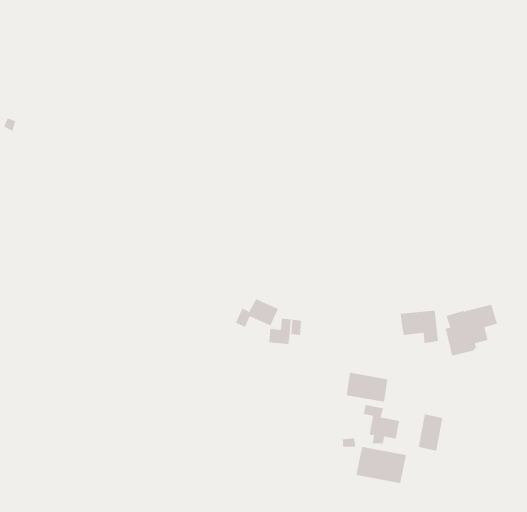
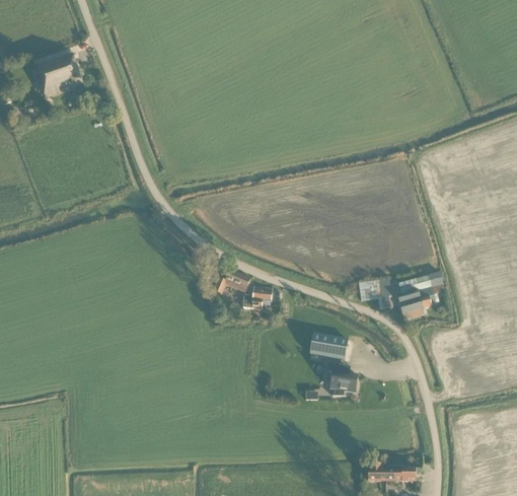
building: none -> [34,54,82,94]
building: [418,414,443,452] -> none
building: [356,446,407,484] -> none

